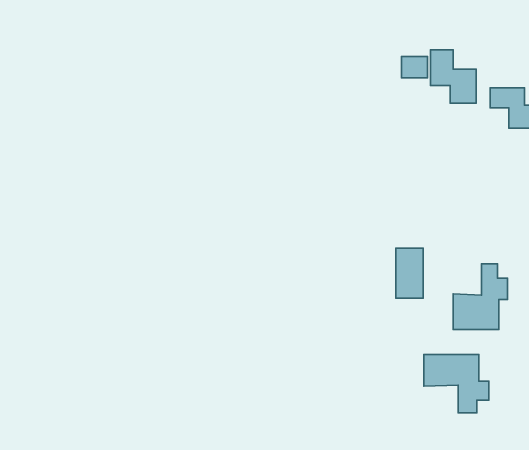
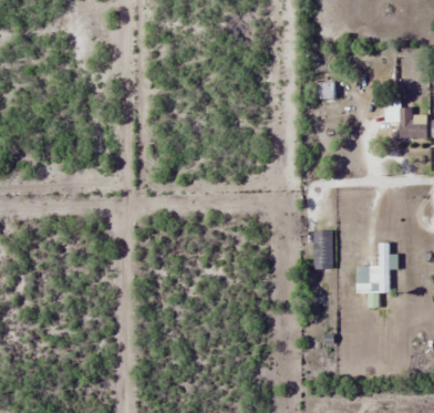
building: [430,50,476,103] -> none
building: [424,355,489,413] -> none

